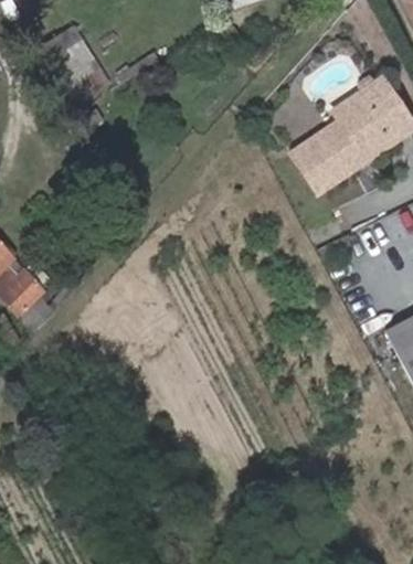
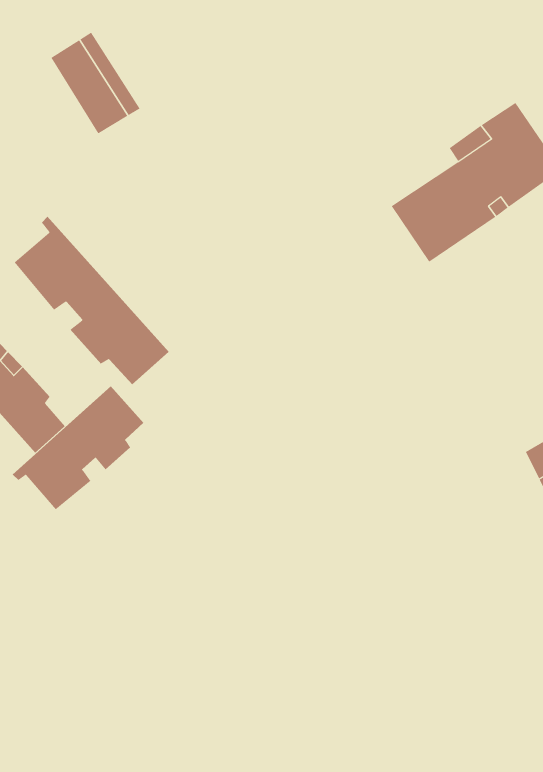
building: none -> [14,216,169,385]
building: none -> [12,386,144,510]

